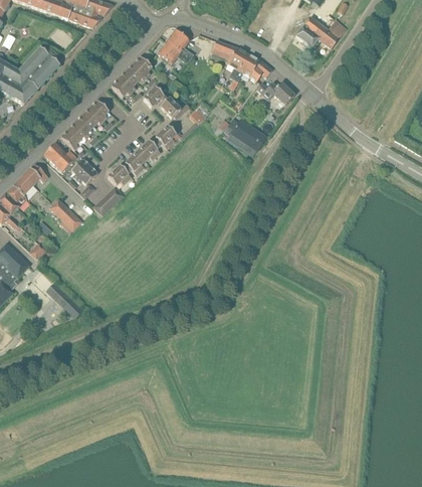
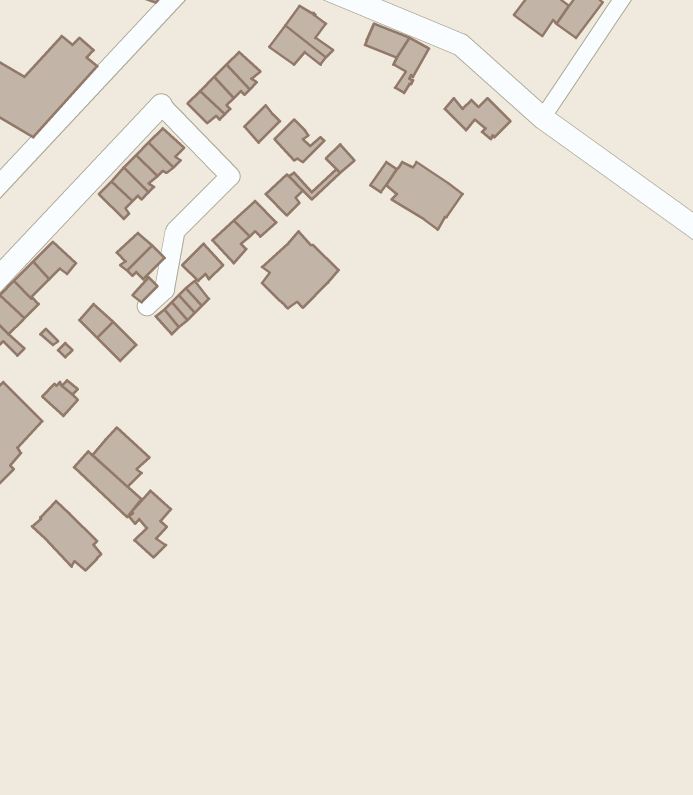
building: [228,54,272,90] -> none
building: [43,143,75,172] -> none
building: none -> [262,231,339,308]
building: none -> [92,428,149,487]
building: none -> [129,491,171,557]
building: none -> [32,501,101,570]

